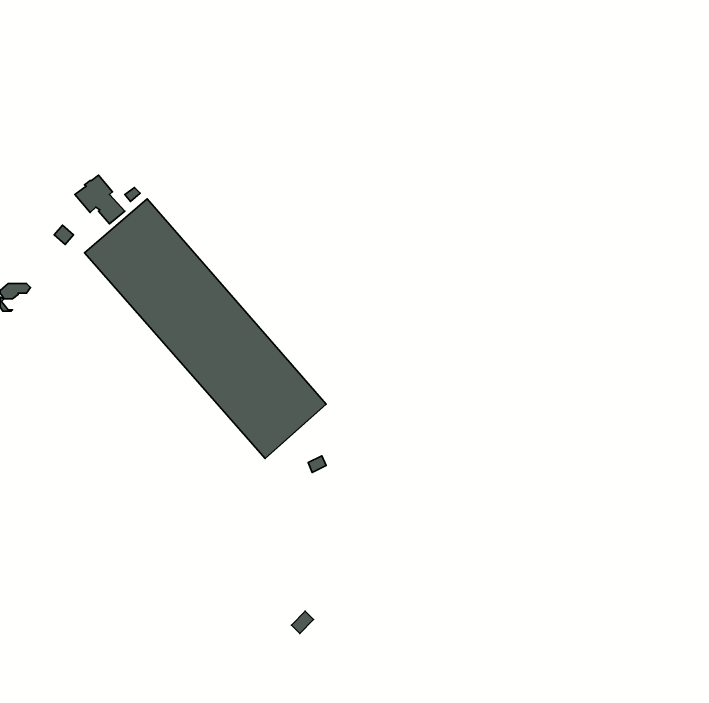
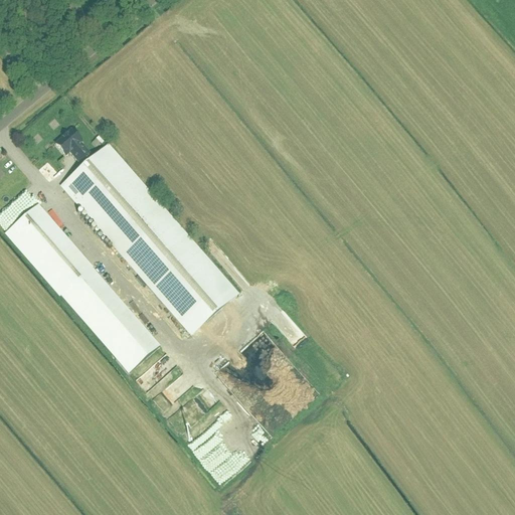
building: none -> [6,204,159,371]

